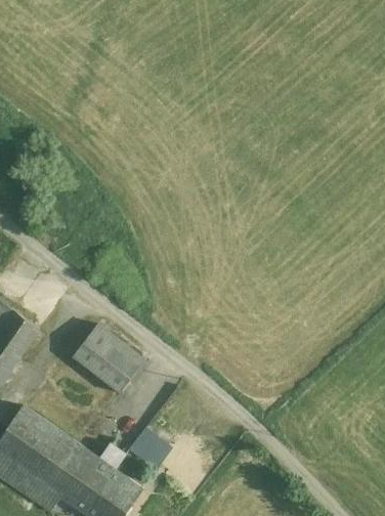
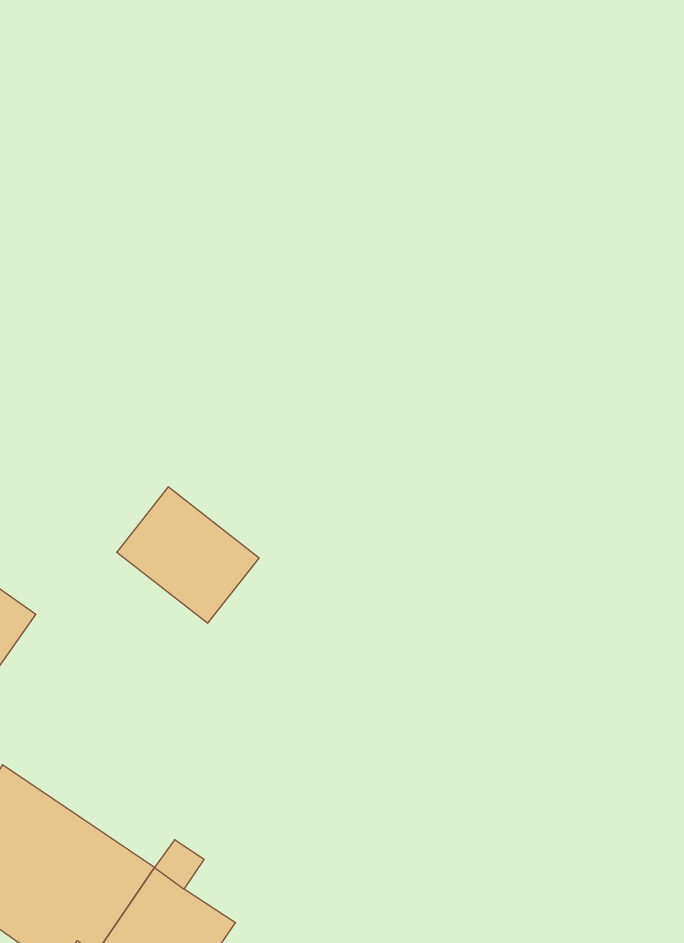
building: [71,322,144,393] -> [117,487,259,623]
building: [129,426,172,468] -> none

